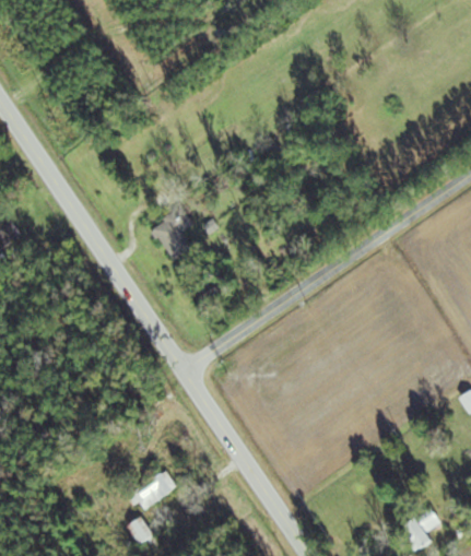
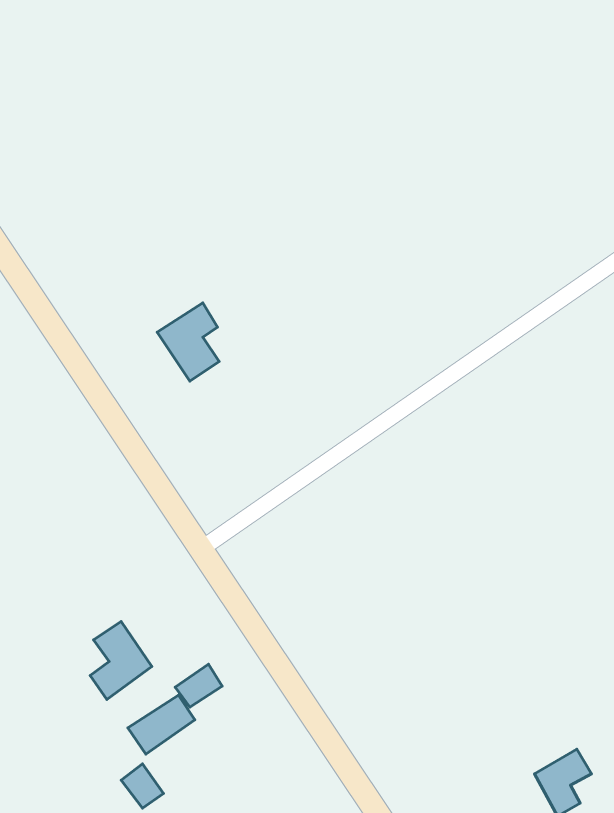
building: none -> [90,622,152,699]
building: none -> [175,664,222,707]

